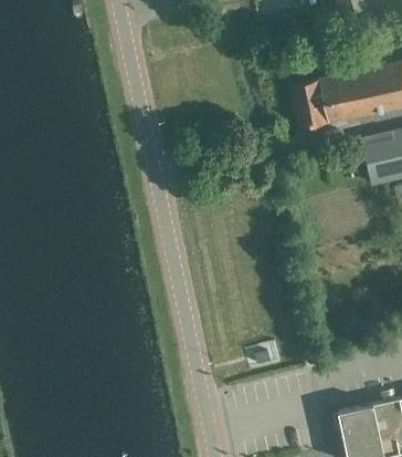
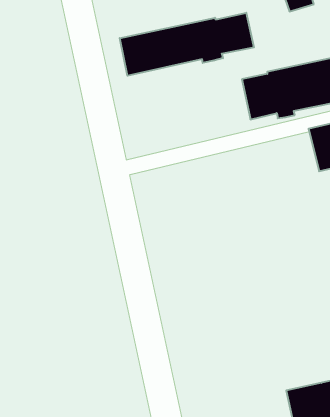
building: none -> [120,13,254,76]

